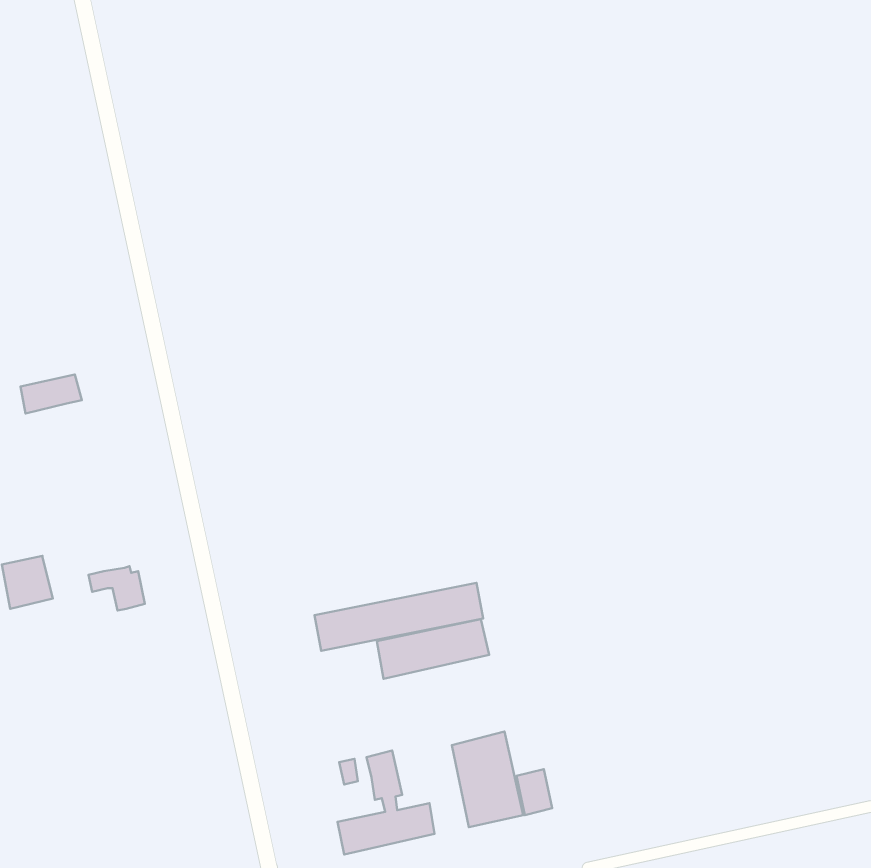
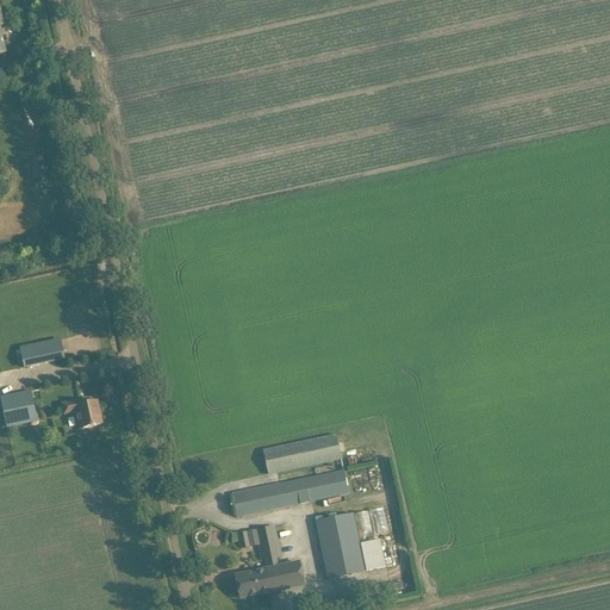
building: [20,374,82,414] -> [21,338,64,366]
building: [315,583,483,651] -> [231,468,349,516]

